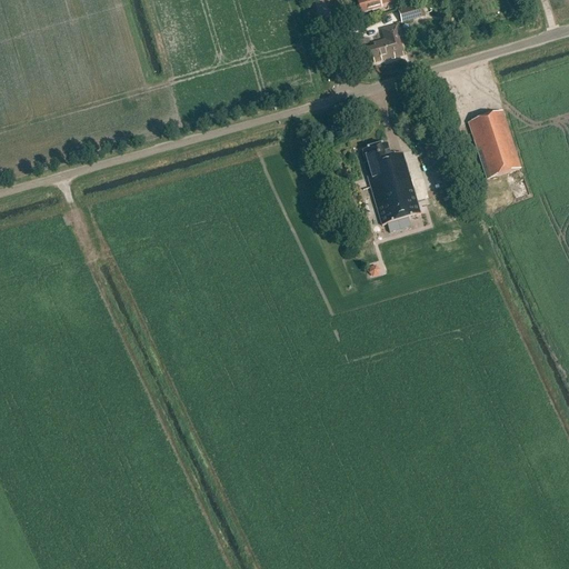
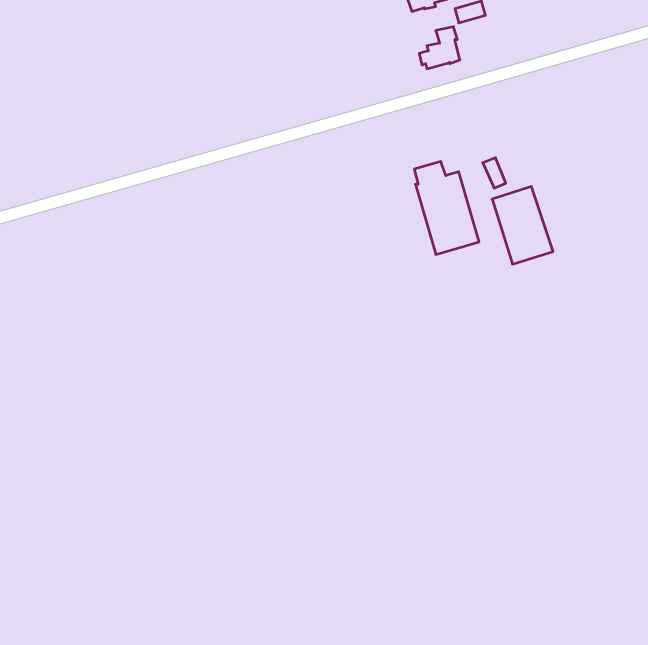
building: [469,109,522,177] -> [492,186,553,264]

